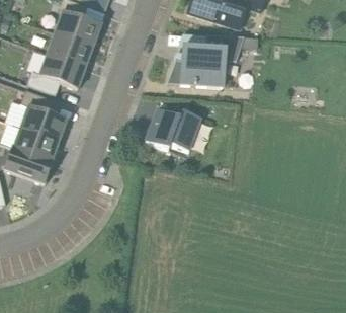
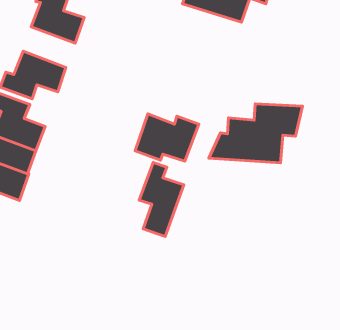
building: [48,32,93,68] -> none
building: [166,34,248,86] -> [209,104,303,163]
building: none -> [139,162,184,236]

